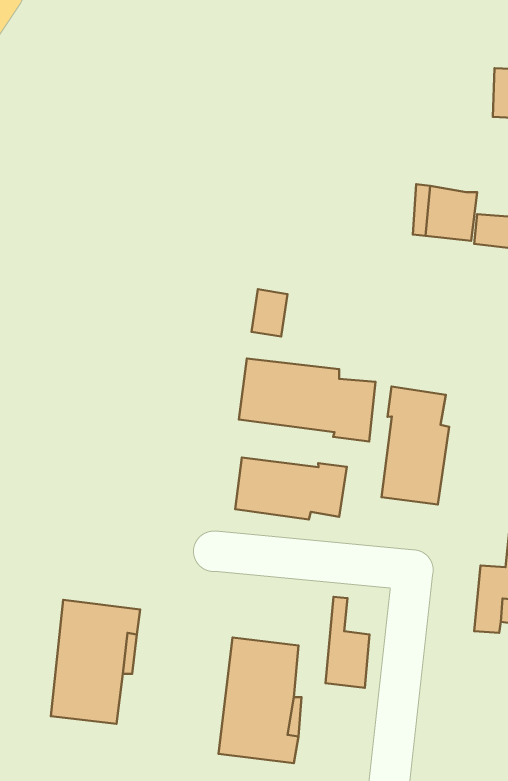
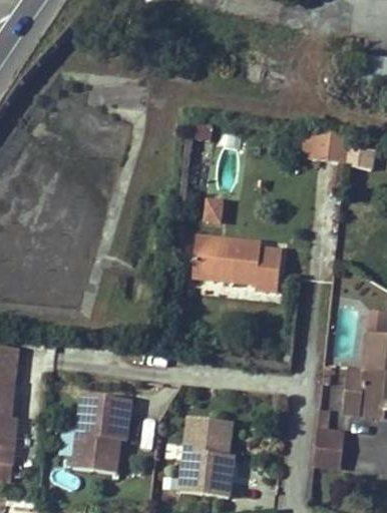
building: [382,386,449,504] -> none
building: [235,457,347,520] -> none
building: [326,597,369,688] -> [313,408,341,466]

